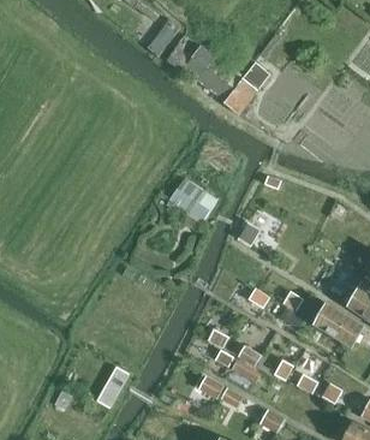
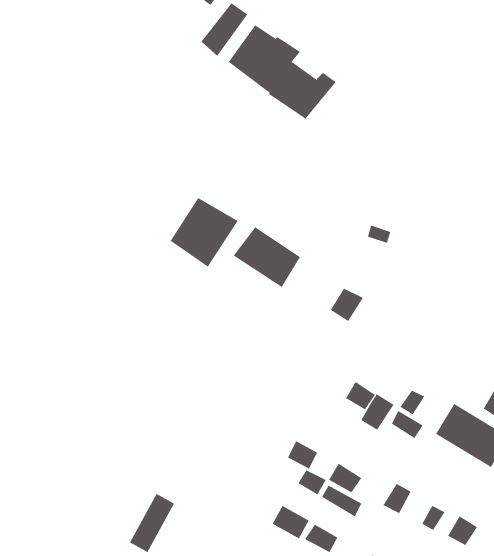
building: [225,61,270,115] -> none
building: none -> [170,197,238,267]

